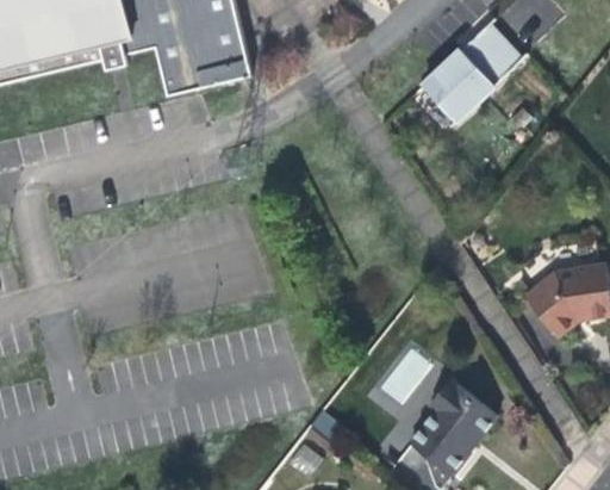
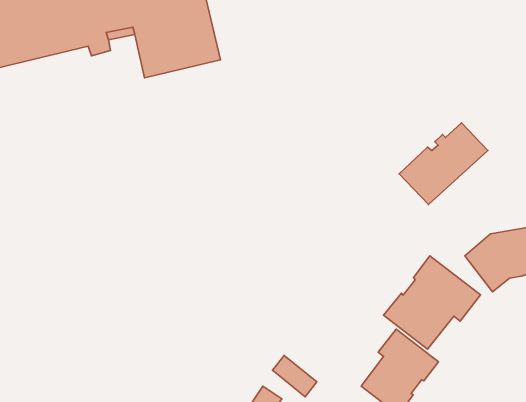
building: [421,27,521,119] -> [399,123,488,204]
building: none -> [384,256,480,349]

